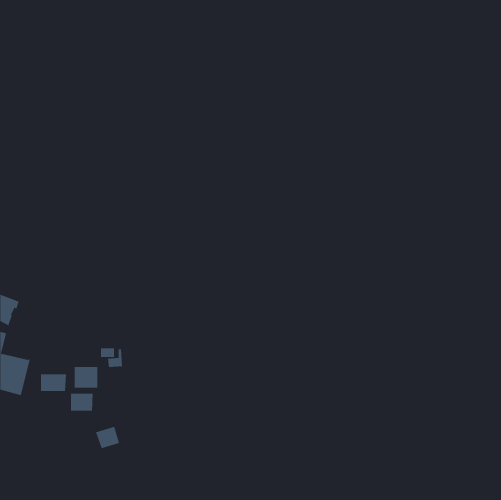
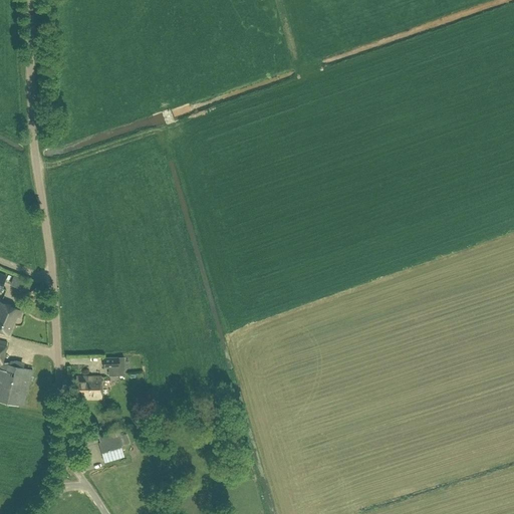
building: [41,374,66,392] -> none
building: [70,393,93,411] -> none

